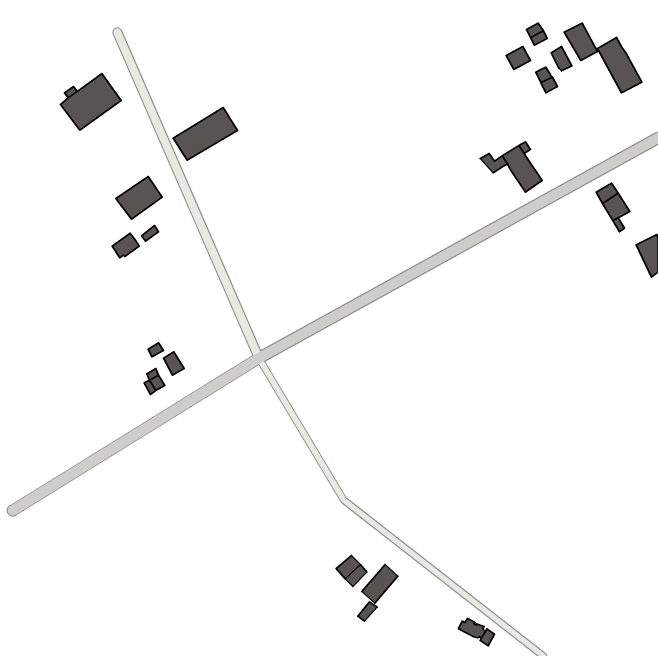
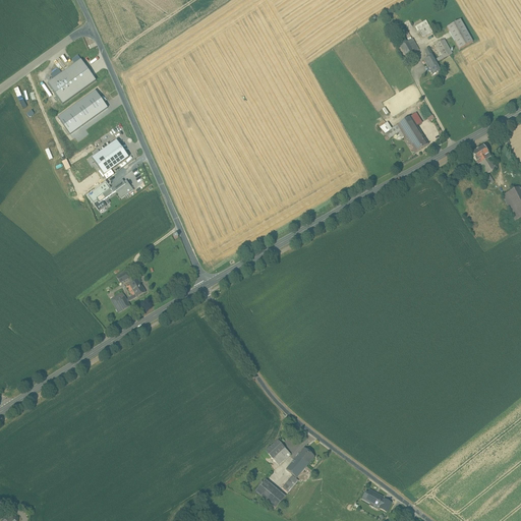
building: [598,37,642,93] -> none
building: [173,107,237,160] -> [56,90,107,131]
building: none -> [255,478,285,507]

